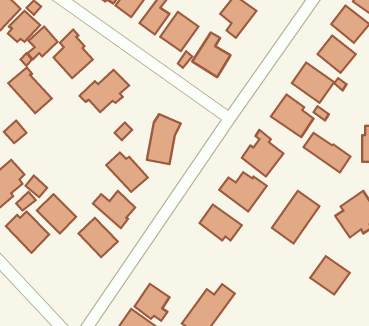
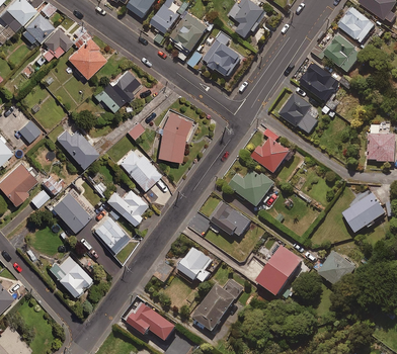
building: [8,68,52,113] -> [55,122,97,167]
building: [303,133,351,172] -> none
building: [272,191,319,244] -> [256,246,303,297]
building: [6,212,49,253] -> [48,255,90,295]
building: [134,284,170,321] -> [178,247,213,283]

